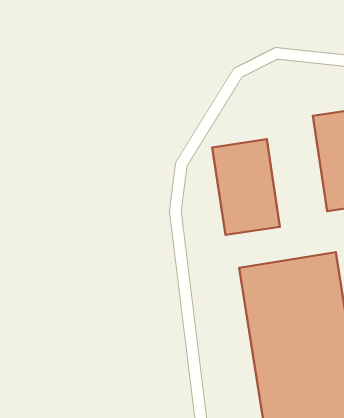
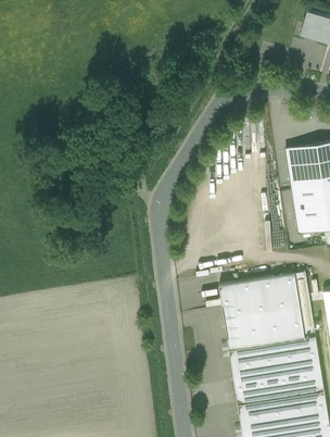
building: [212,139,280,235] -> none

